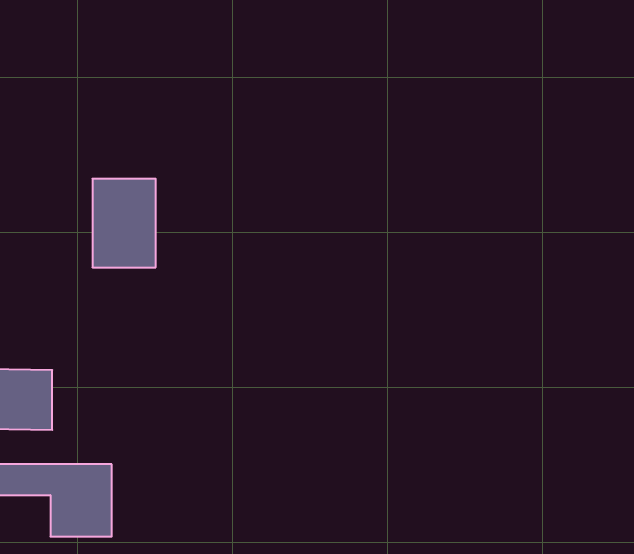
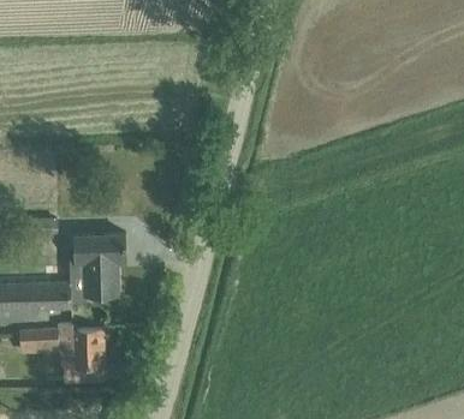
building: [92,179,156,267] -> [78,228,120,287]

